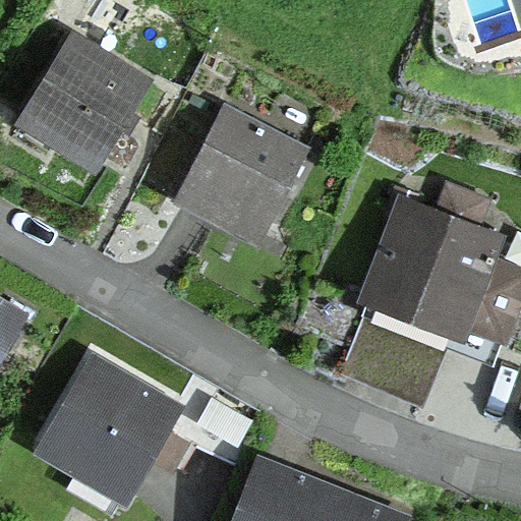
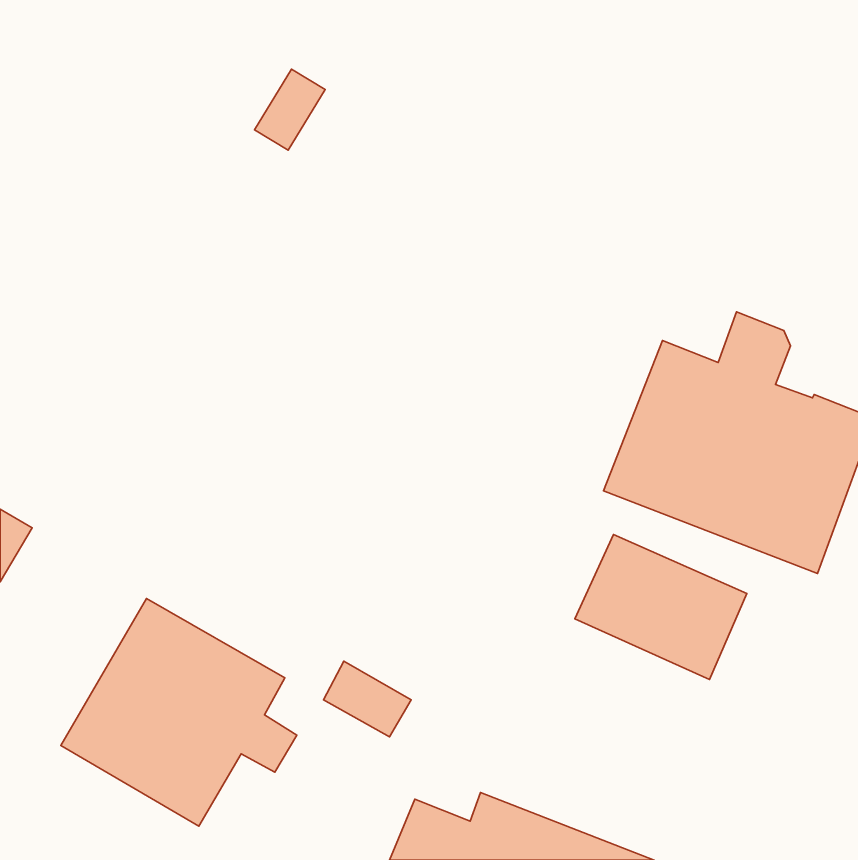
building: [21,42,142,163] -> none
building: [174,108,304,233] -> none

